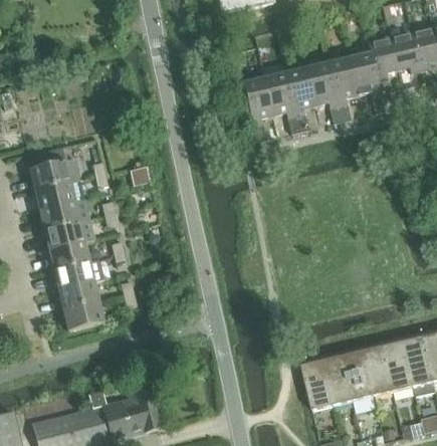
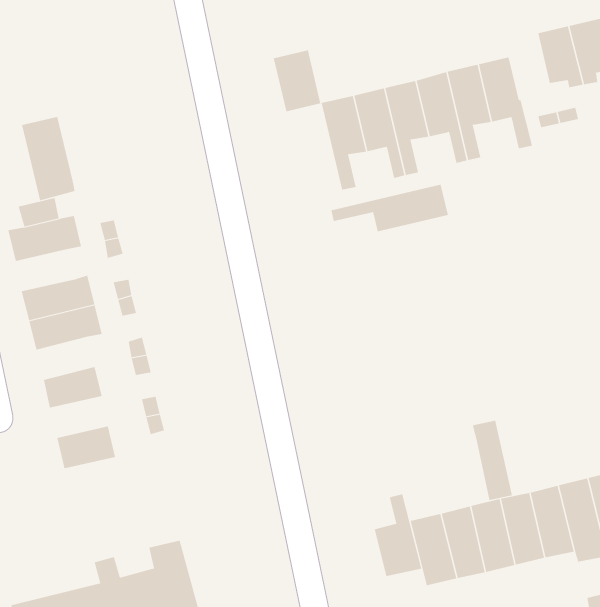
building: [367,34,397,79] -> none
building: none -> [273,49,321,112]
building: none -> [21,116,75,201]
building: none -> [331,184,448,232]
building: [35,181,75,209] -> none
building: [49,240,89,269] -> none
building: [58,280,98,308] -> none
building: none -> [472,420,512,501]
building: none -> [374,494,422,577]

